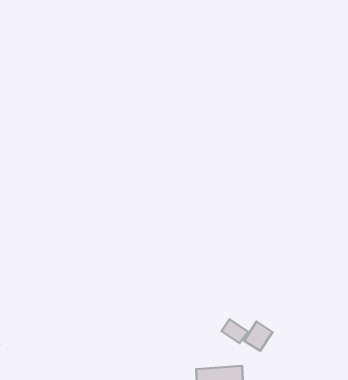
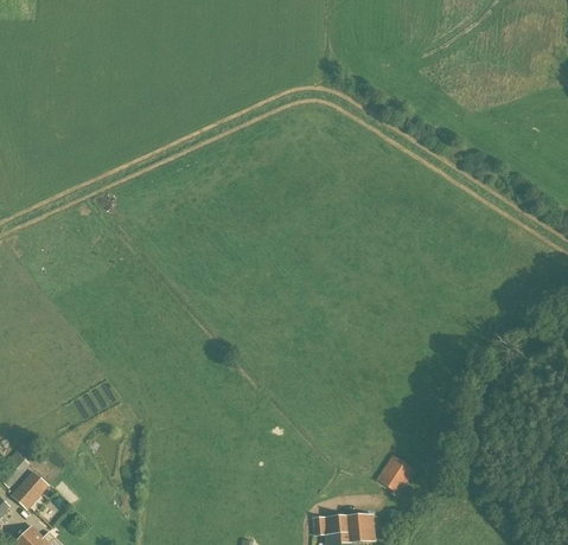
building: [221,319,248,343] -> none

